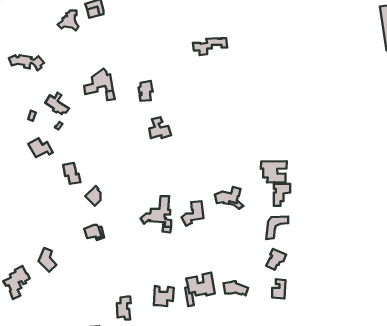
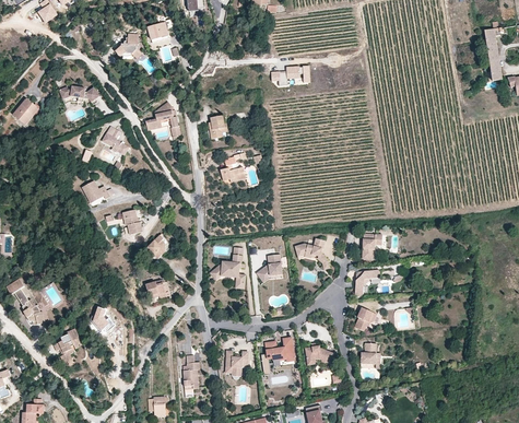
building: [261,161,287,183] -> none

